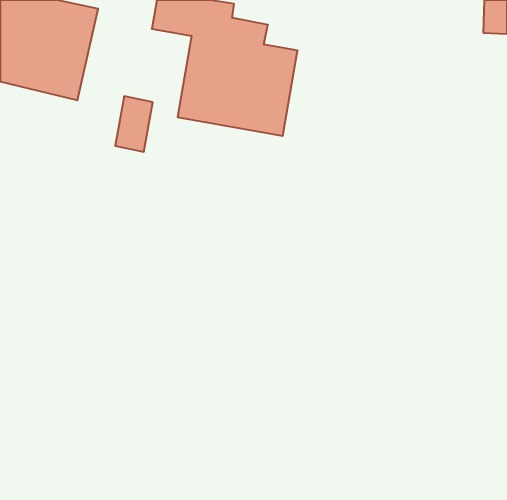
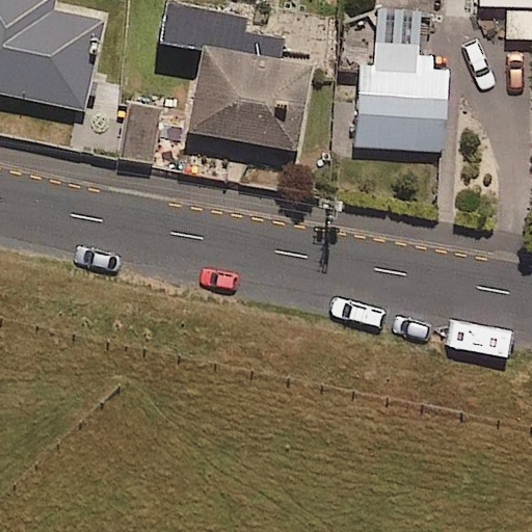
building: none -> [354,45,446,156]

